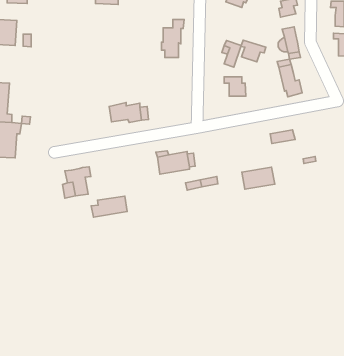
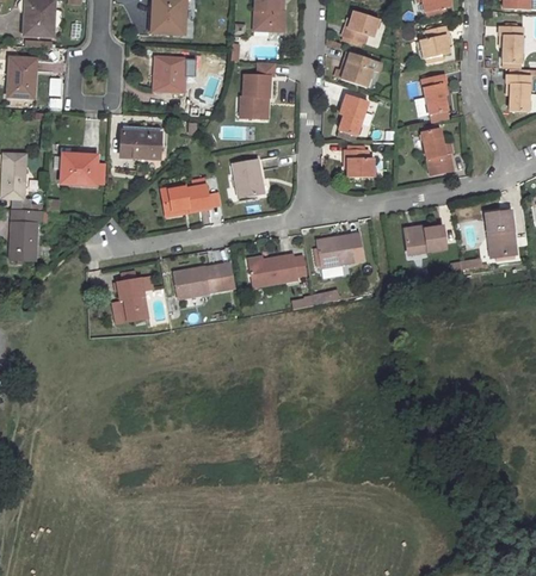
building: none -> [152,64,184,94]
building: [241,40,266,62] -> [349,50,386,82]
building: none -> [122,129,158,155]
building: none -> [58,149,107,184]
building: none -> [241,154,271,192]
building: none -> [481,216,511,260]
building: [242,167,275,189] -> [310,240,359,272]
building: [91,196,127,217] -> [172,266,226,297]

